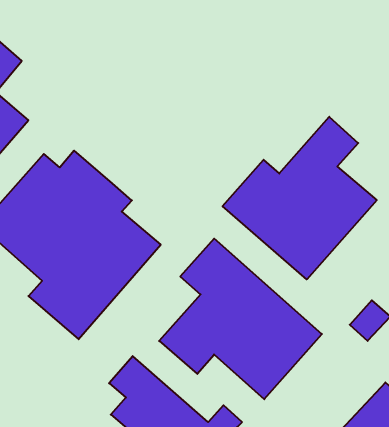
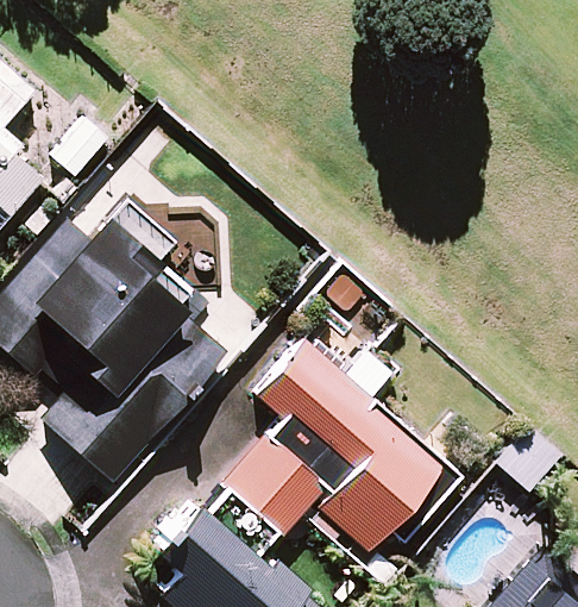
building: [223,117,377,279] -> none

